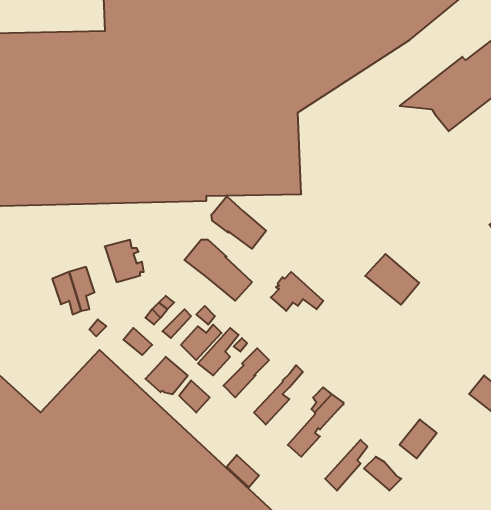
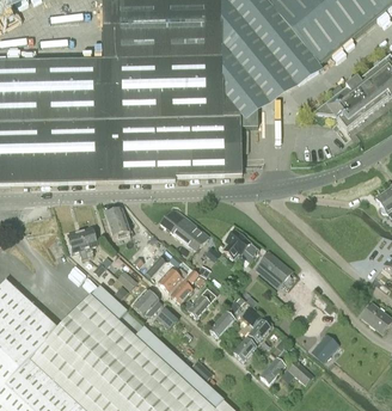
building: [211,196,266,249] -> none
building: [365,254,419,305] -> [253,251,292,287]

